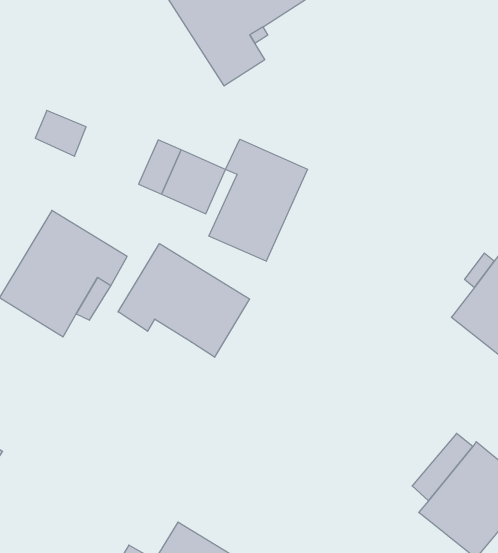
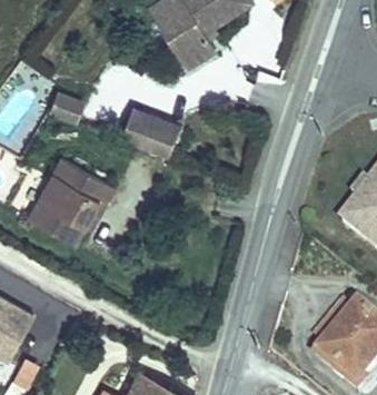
building: [209,139,307,261] -> none
building: [118,244,250,357] -> none

